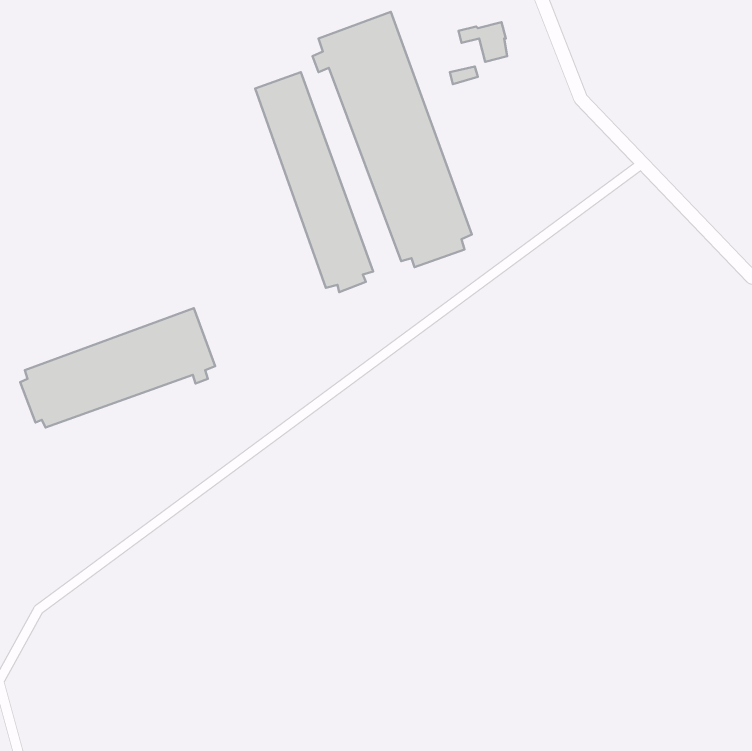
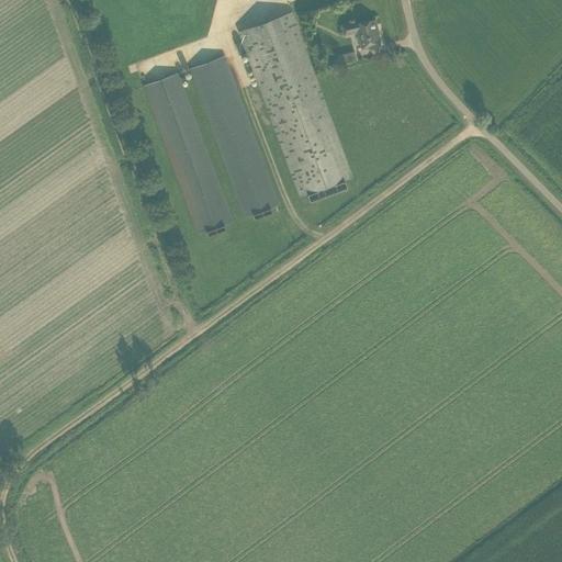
building: none -> [142,71,231,235]
building: [20,308,215,428] -> none

